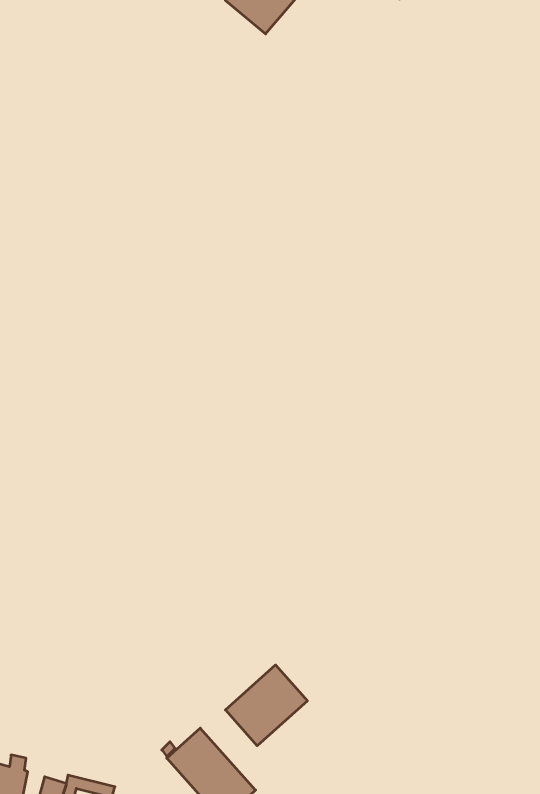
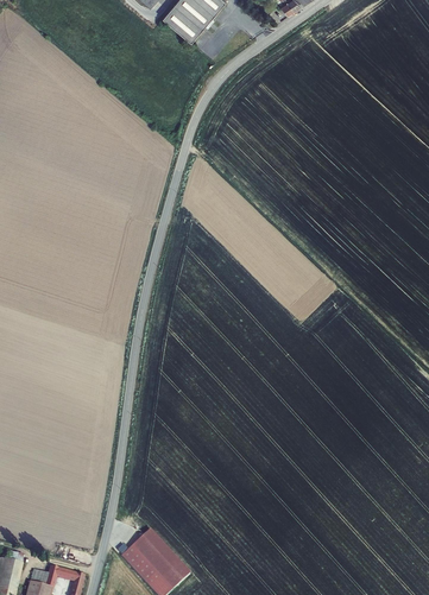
building: [225,665,307,746] -> none

